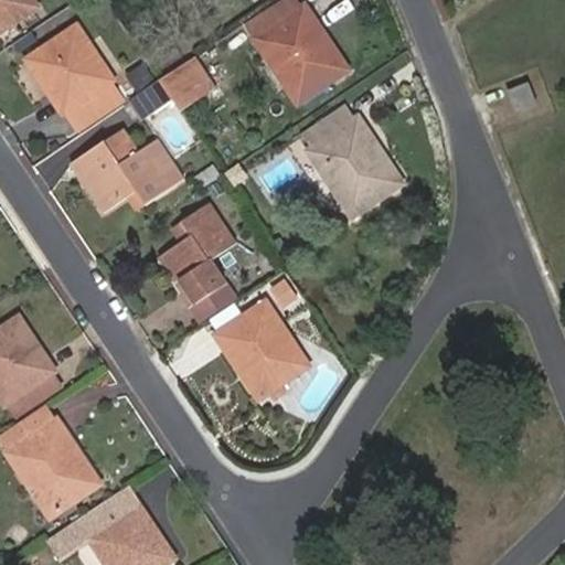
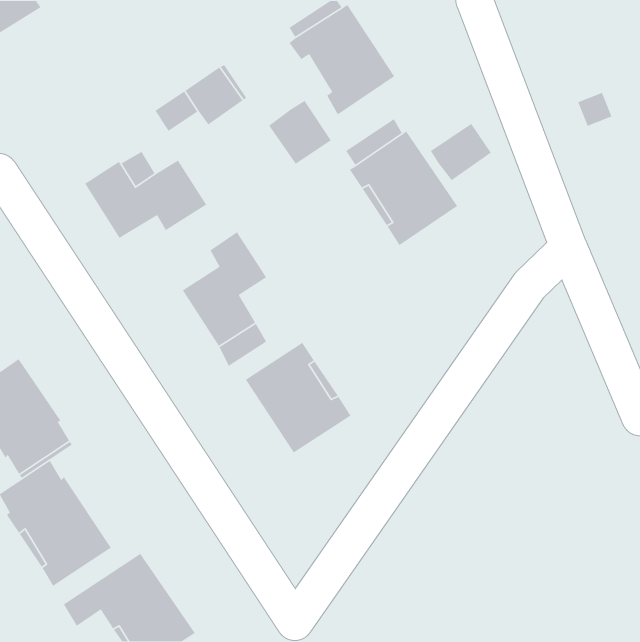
building: [29,25,124,126] -> none
building: none -> [268,100,332,165]
building: none -> [430,123,492,181]

